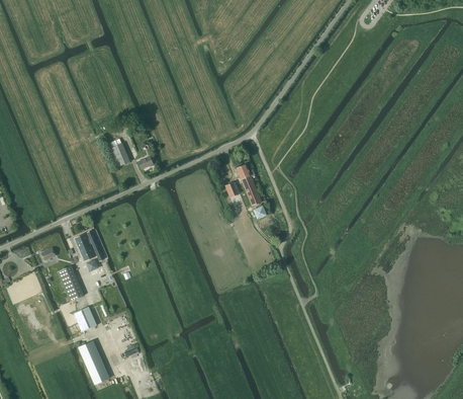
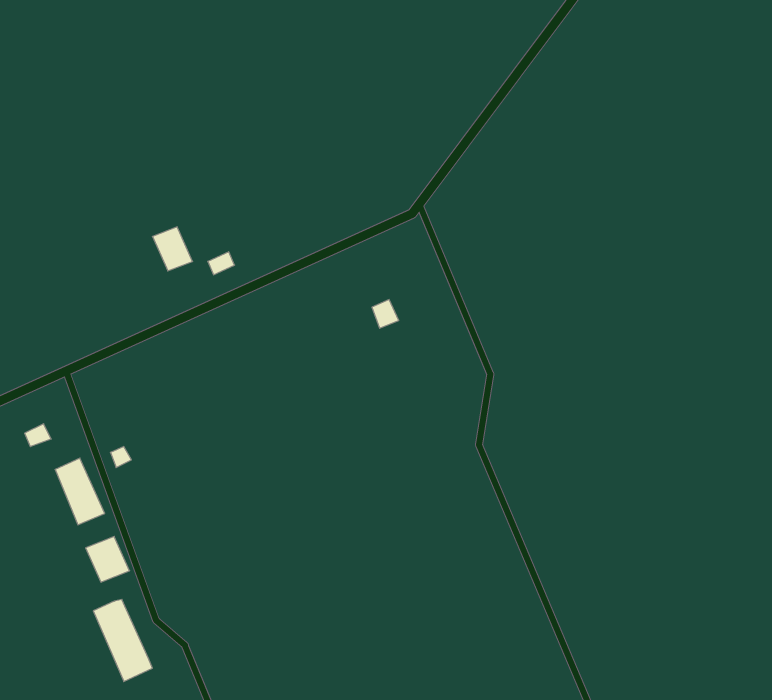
building: [237,163,262,206] -> none
building: [75,230,104,260] -> none

